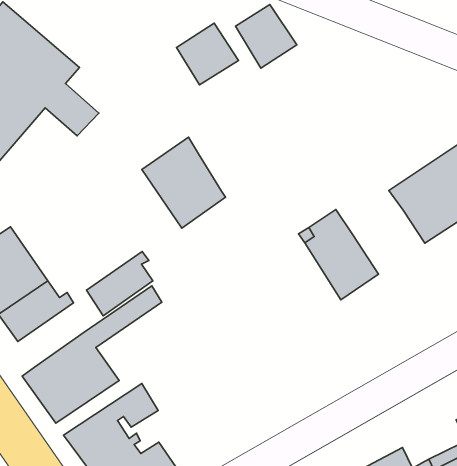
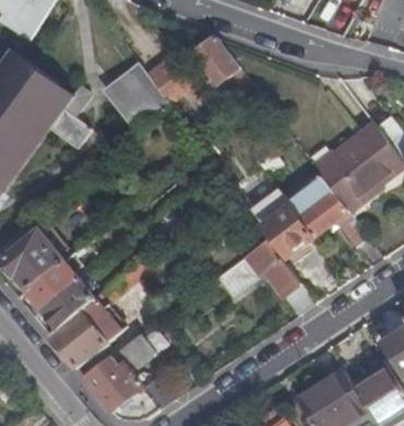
building: [142,137,225,228] -> [104,62,169,132]
building: none -> [292,186,367,247]
building: [87,251,153,316] -> [41,275,92,327]
building: none -> [217,240,314,315]

